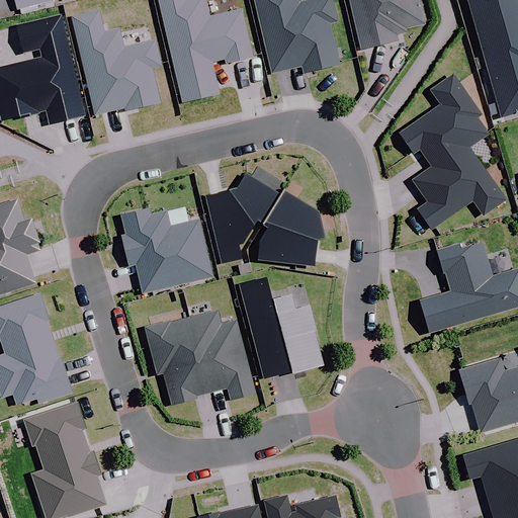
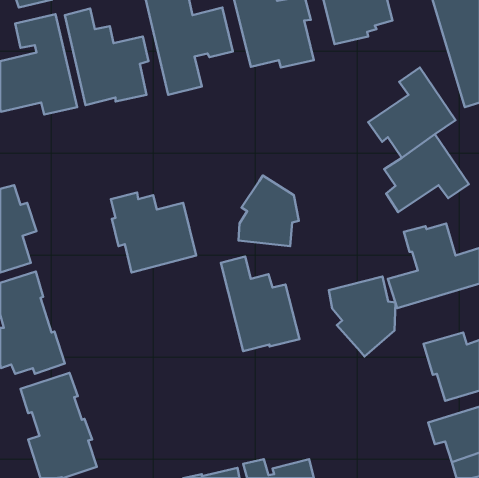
building: [204,172,280,263] -> none
building: none -> [329,277,396,356]
building: [145,311,254,405] -> none

